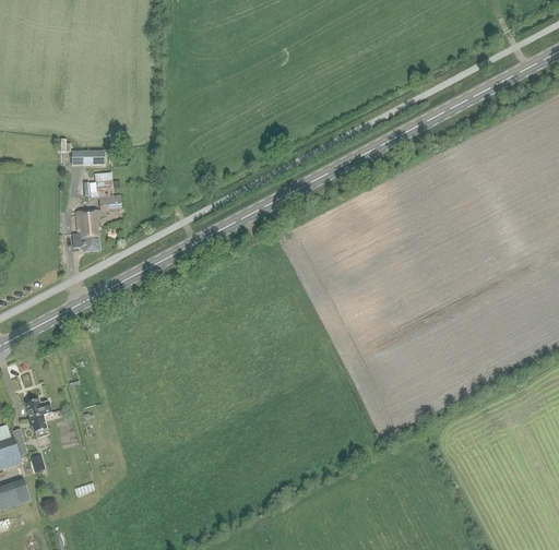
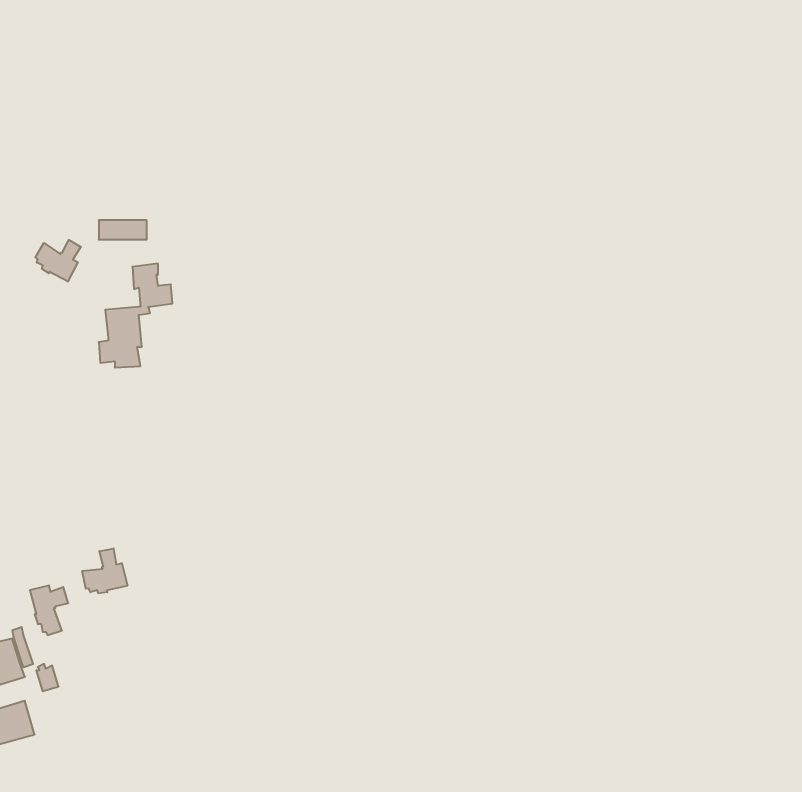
building: none -> [35,240,81,282]
building: none -> [82,548,127,593]

